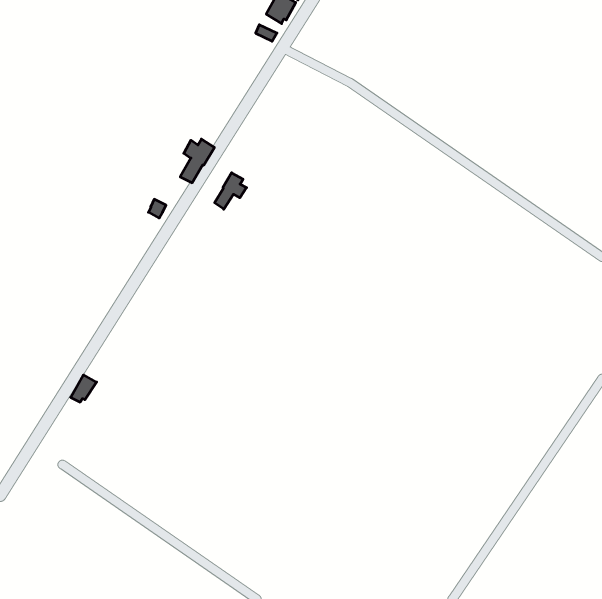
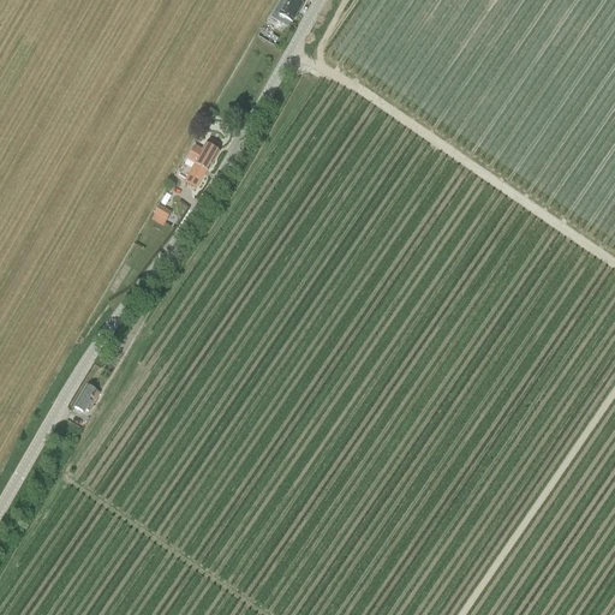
building: [215,173,247,209] -> none

